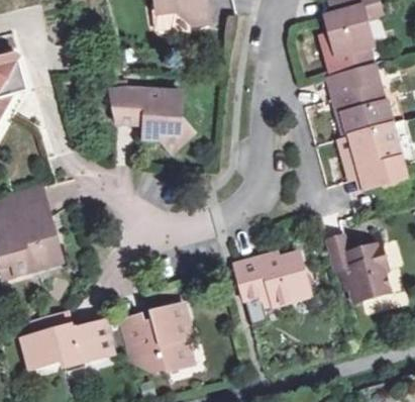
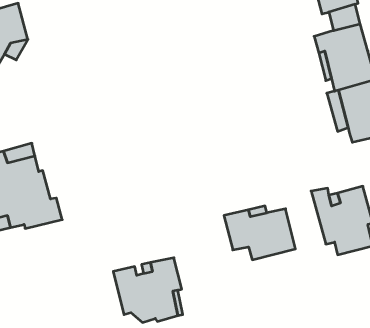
building: [110,85,197,155] -> none
building: [21,310,111,368] -> none

